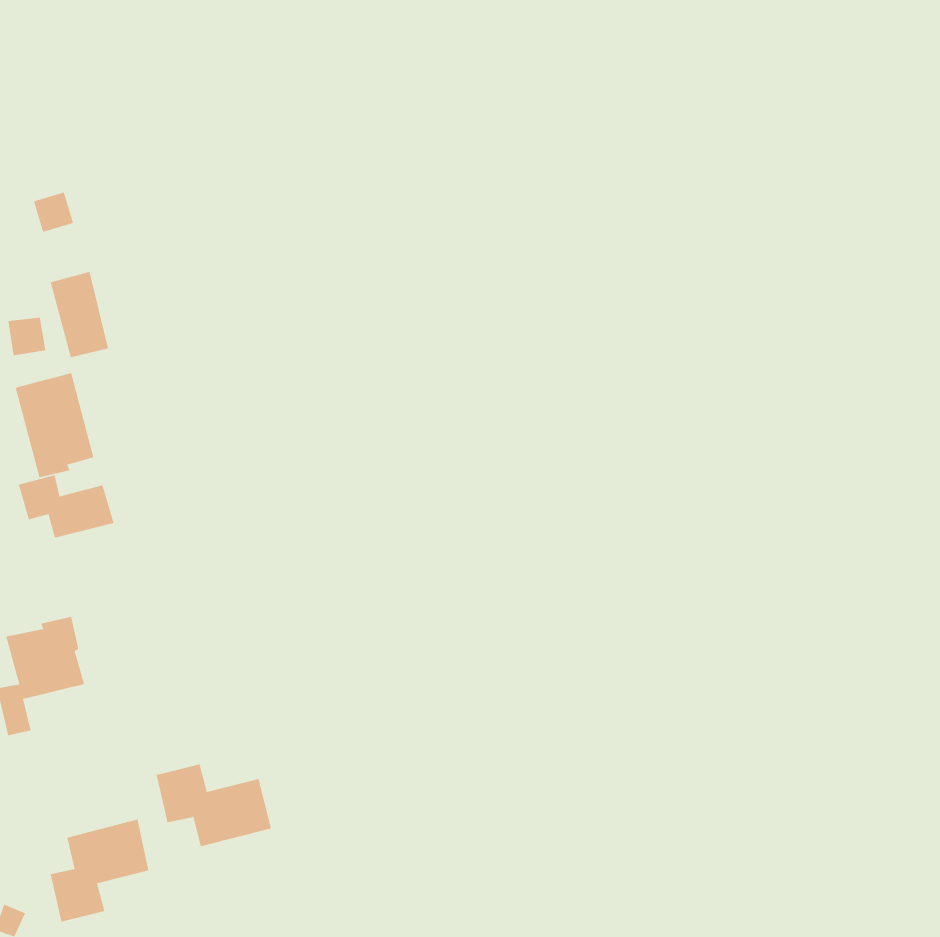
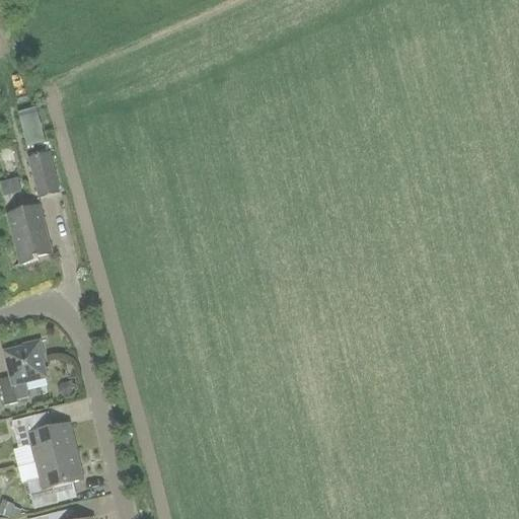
building: [18,475,114,539] -> none
building: [156,764,272,847] -> [12,415,76,460]

